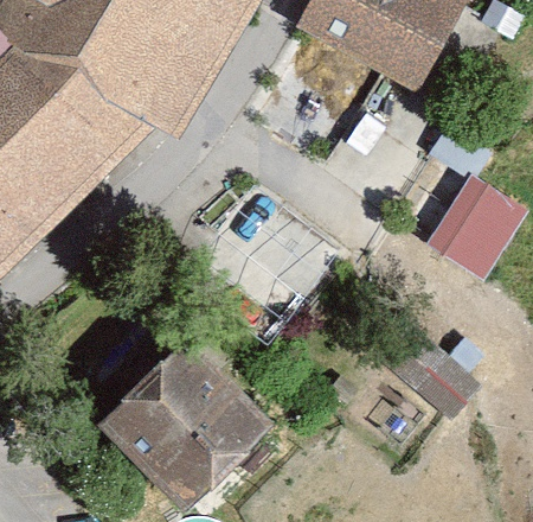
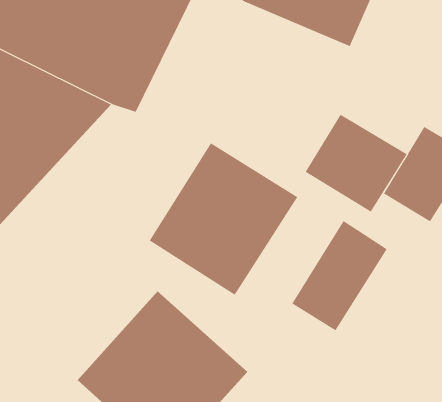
building: none -> [305,114,407,213]
building: none -> [292,220,388,331]

